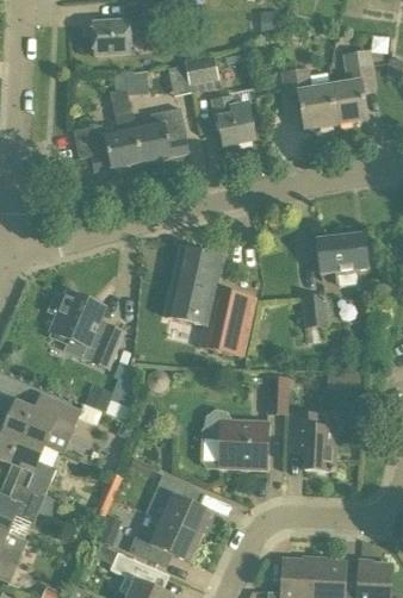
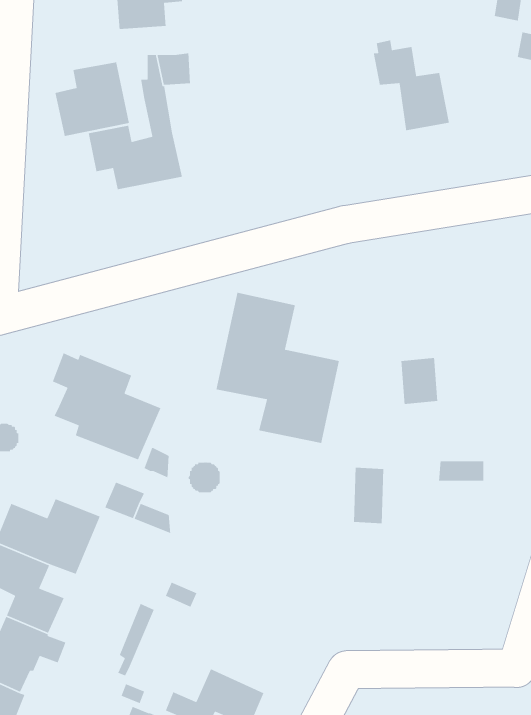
building: [329,49,377,123] -> none
building: [185,56,219,92] -> none
building: [210,94,255,145] -> none
building: [135,107,190,162] -> [54,61,130,137]
building: [315,232,370,286] -> none
building: [204,409,267,468] -> none
building: [291,412,337,471] -> none
building: [156,474,212,537] -> none

